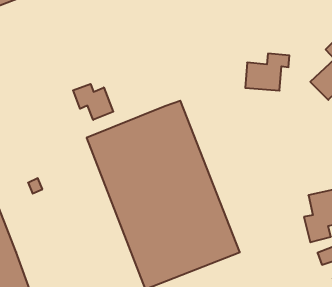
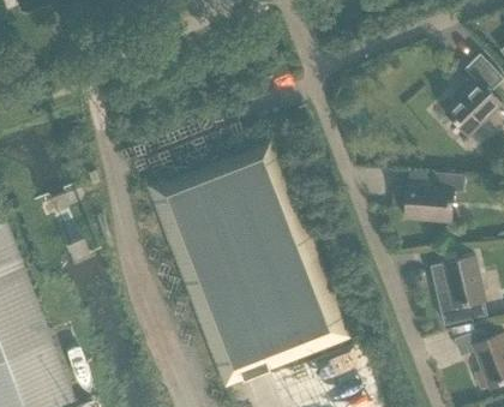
building: [245,54,289,91] -> [406,173,464,222]
building: [73,84,113,120] -> none

